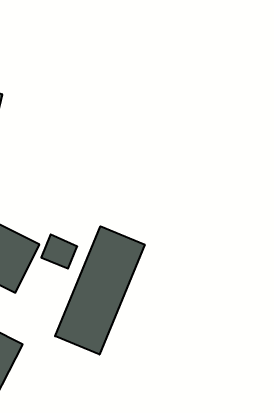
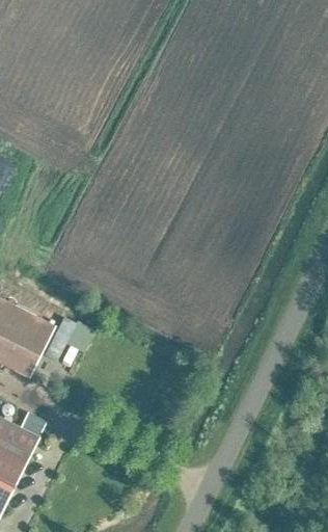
building: [55,226,145,355] -> none

